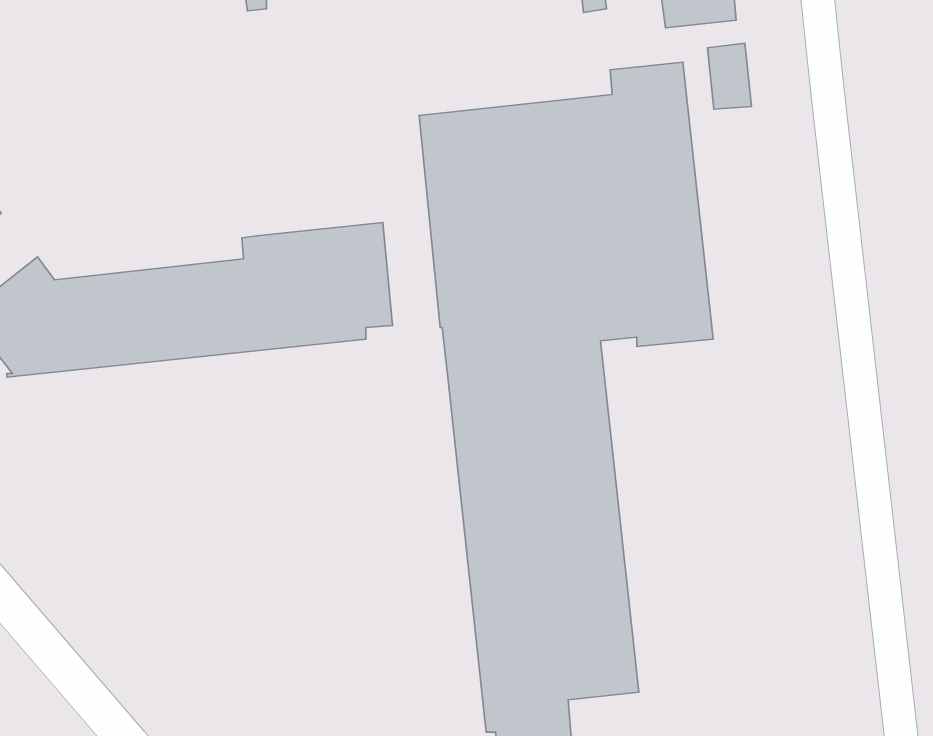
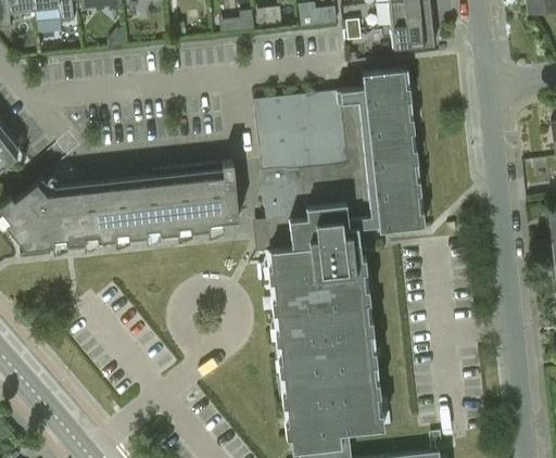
building: [707,43,751,109] -> none

